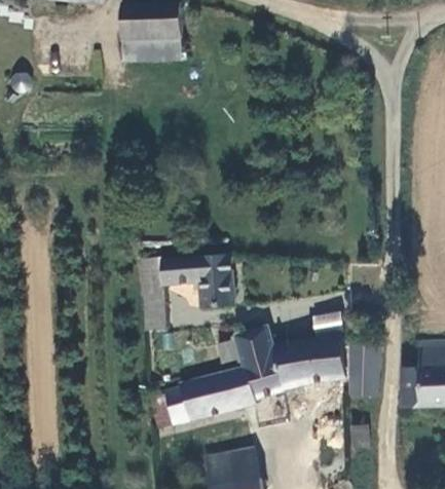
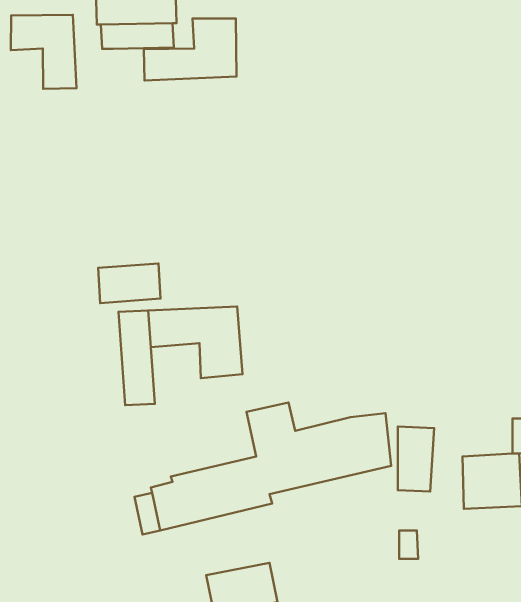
building: none -> [11,15,77,89]
building: none -> [144,18,237,80]
building: none -> [98,264,161,303]

